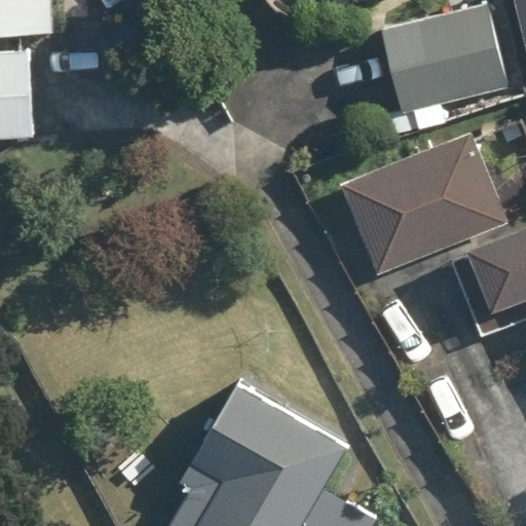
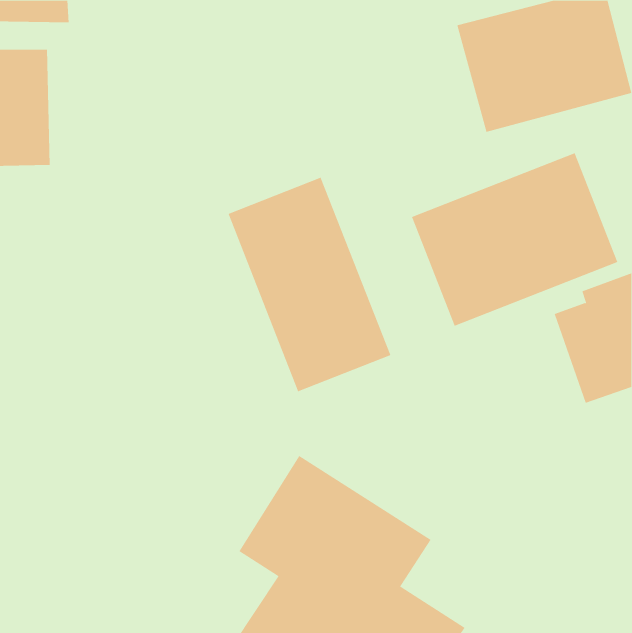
building: none -> [228,177,391,392]

